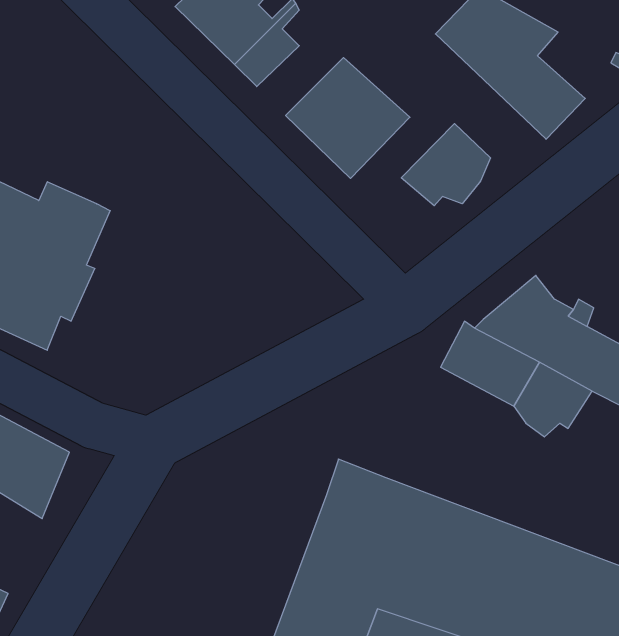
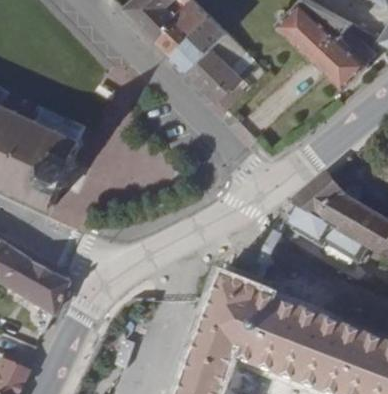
building: none -> [173,25,224,74]
building: [401,124,491,206] -> none

